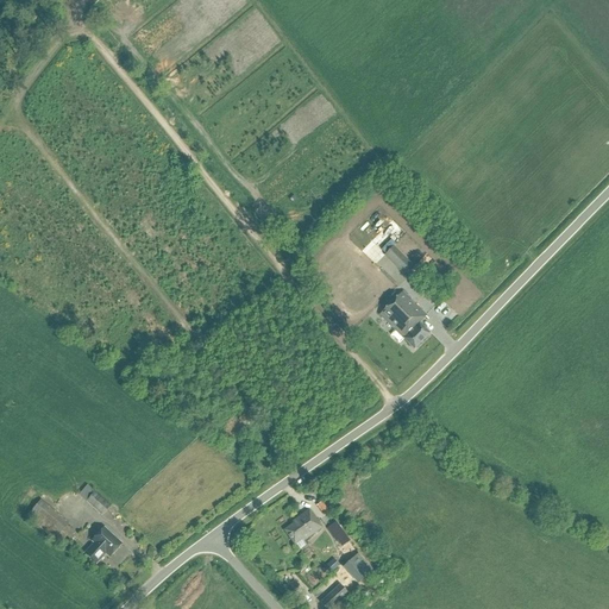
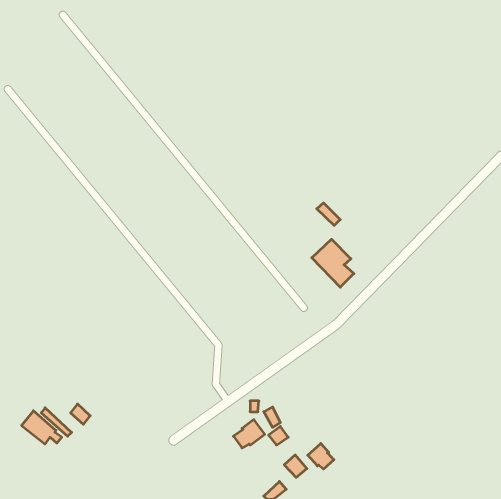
building: [84,526,121,563] -> none
building: none -> [308,443,334,469]

